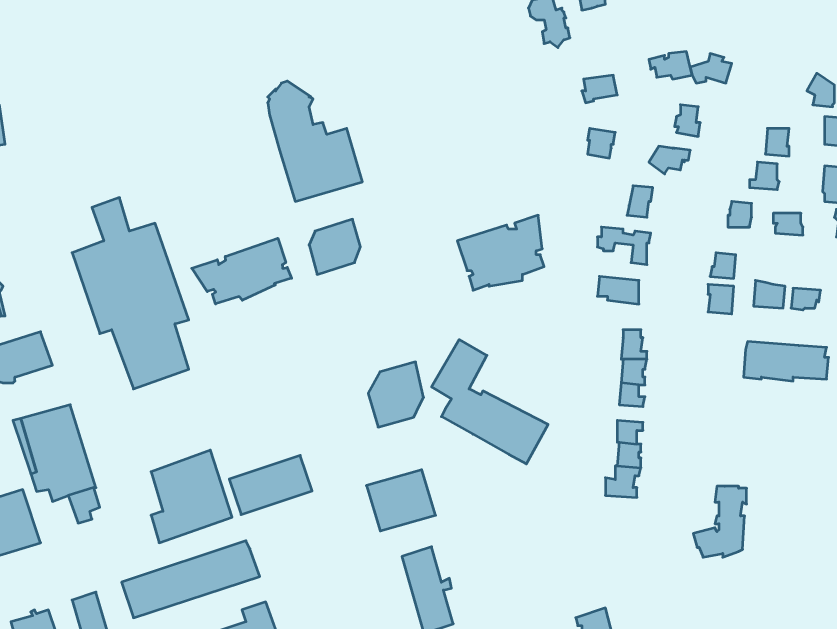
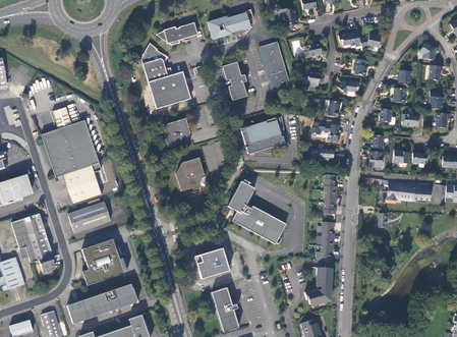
building: none -> [208,11,253,39]
building: none -> [156,21,197,44]
building: none -> [260,41,290,89]
building: none -> [222,61,246,100]
building: [192,238,292,304] -> none
building: [368,362,424,427] -> [175,157,204,190]
building: [229,455,312,515] -> [67,202,110,232]
building: [693,486,747,557] -> [304,267,332,303]

